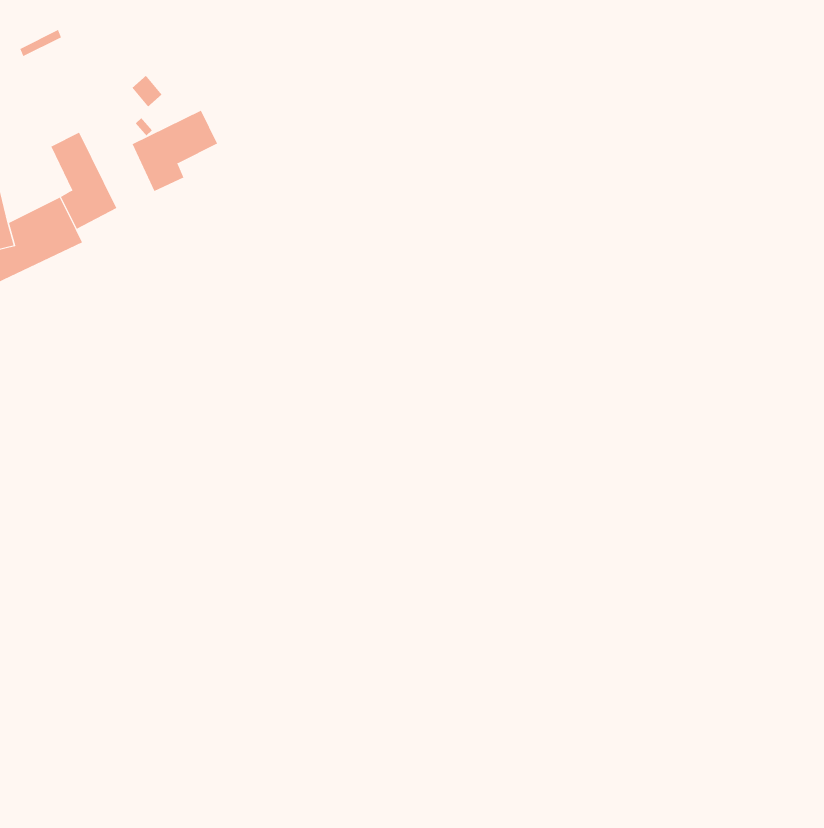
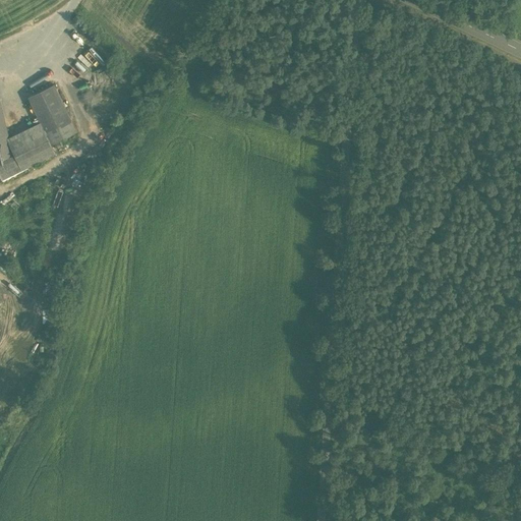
building: [132,110,218,192] -> none

